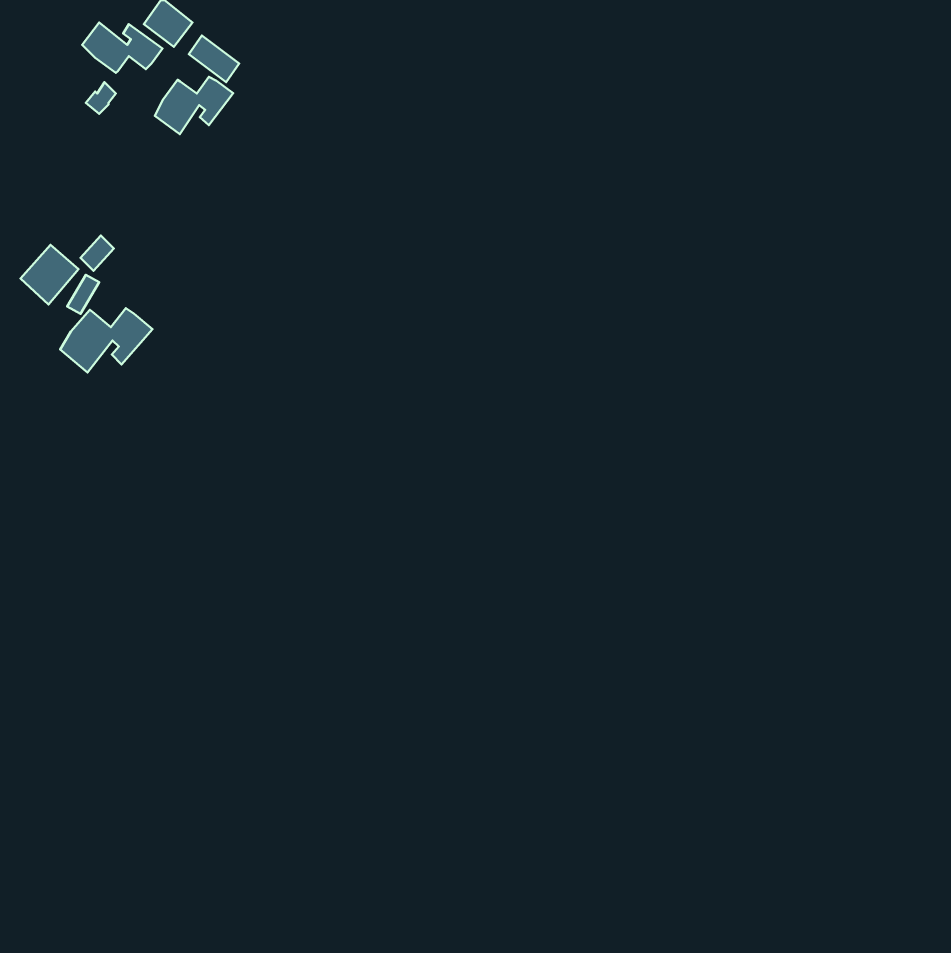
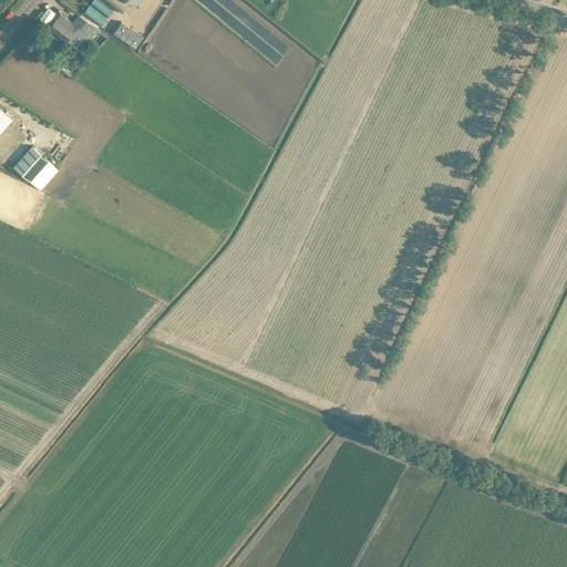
building: [155,77,233,134] -> none
building: [60,308,152,373] -> none

